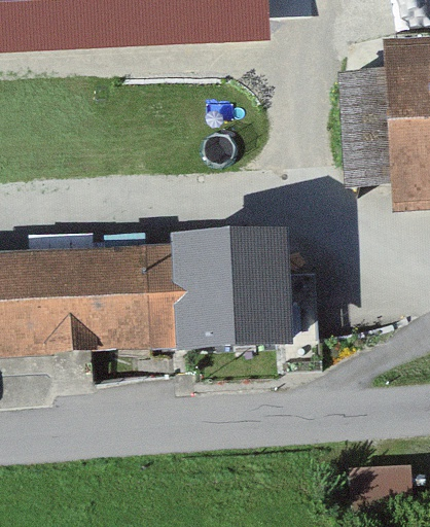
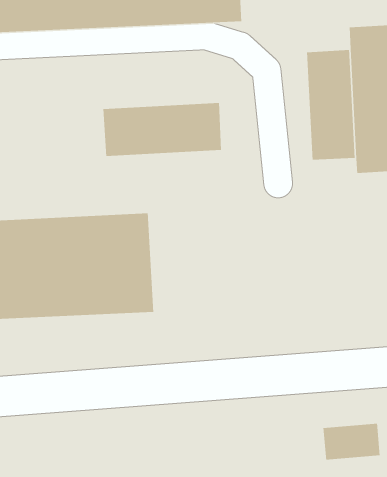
building: none -> [102,102,222,157]
building: [172,224,294,347] -> none

